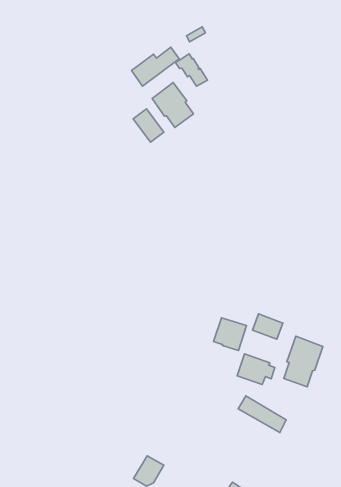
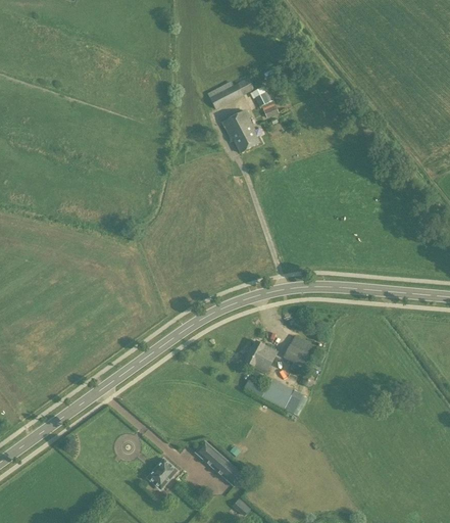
building: [133,109,164,142] -> none
building: [284,336,323,387] -> none
building: [238,396,286,433] -> [199,443,243,483]

